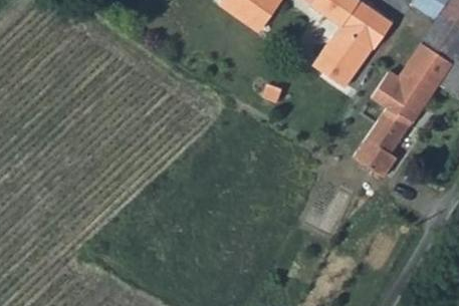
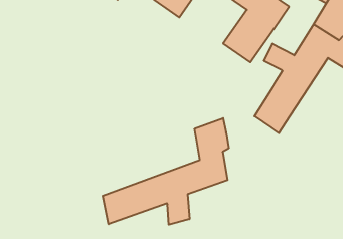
building: none -> [103,118,228,225]

